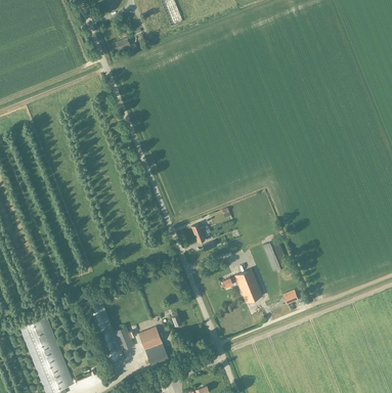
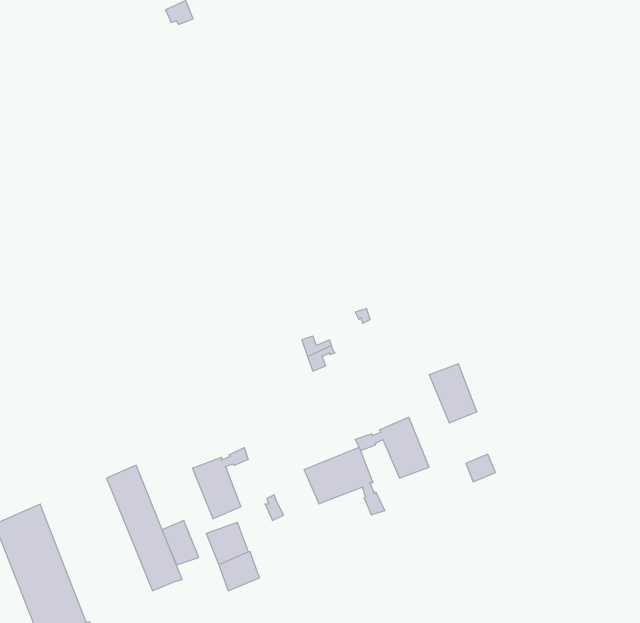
building: none -> [304,447,385,515]
building: none -> [193,448,248,519]

